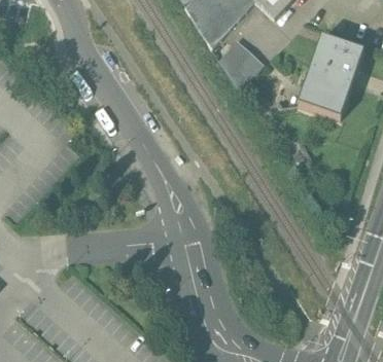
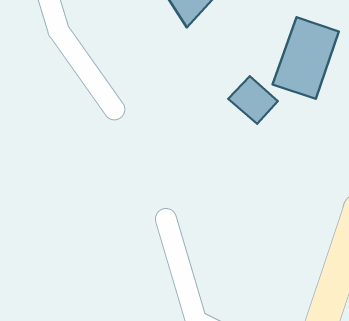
building: [214,37,264,84] -> [228,76,278,124]

